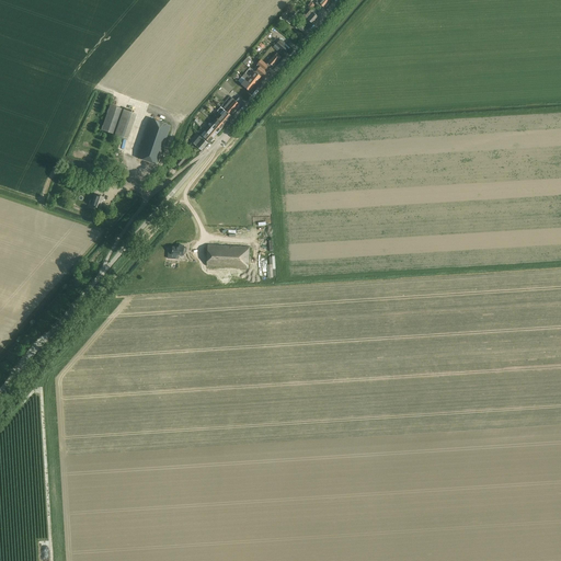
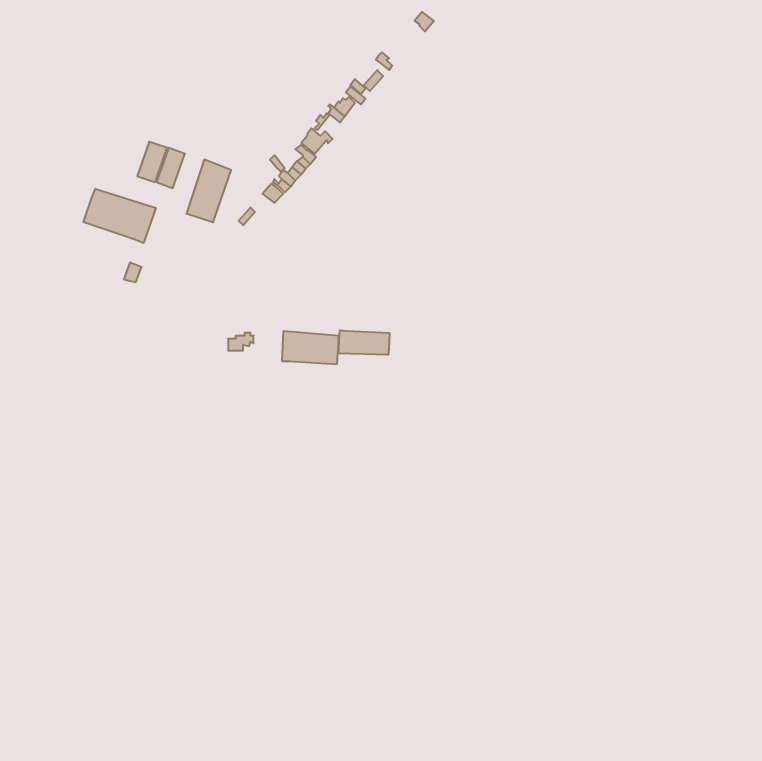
building: none -> [84,189,156,243]
building: none -> [339,330,389,355]

